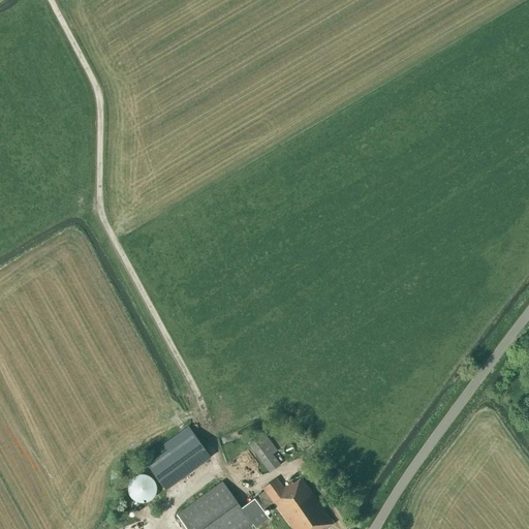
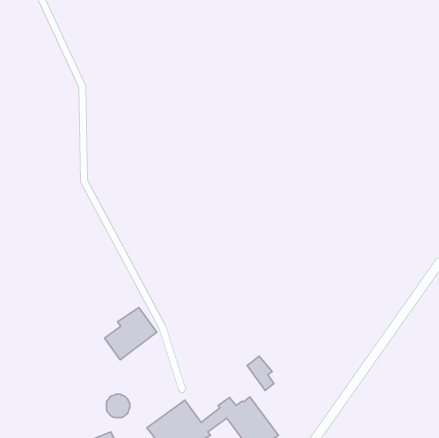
building: [148,428,211,491] -> [105,307,157,360]
building: [248,433,280,474] -> [247,356,274,390]

